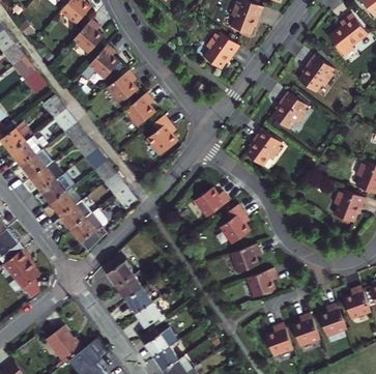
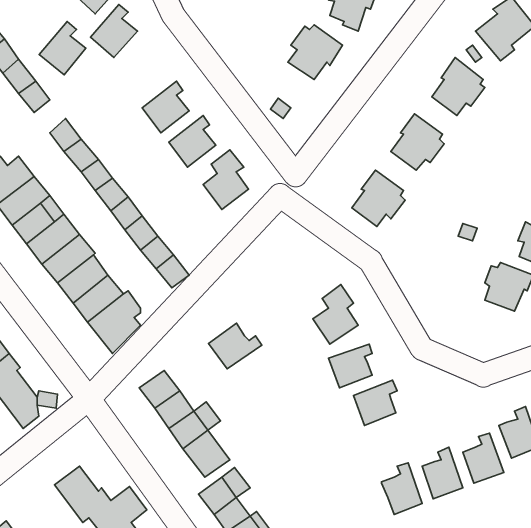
building: [87,44,118,79] -> [39,22,86,75]
building: [193,186,228,217] -> [208,323,262,369]

